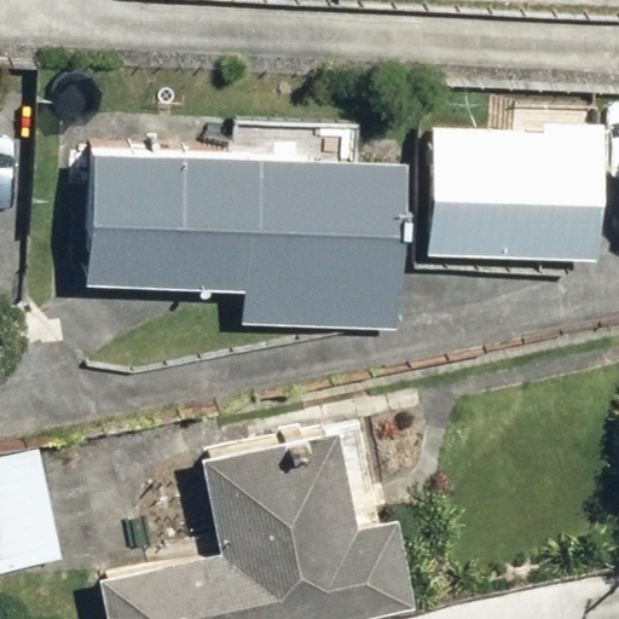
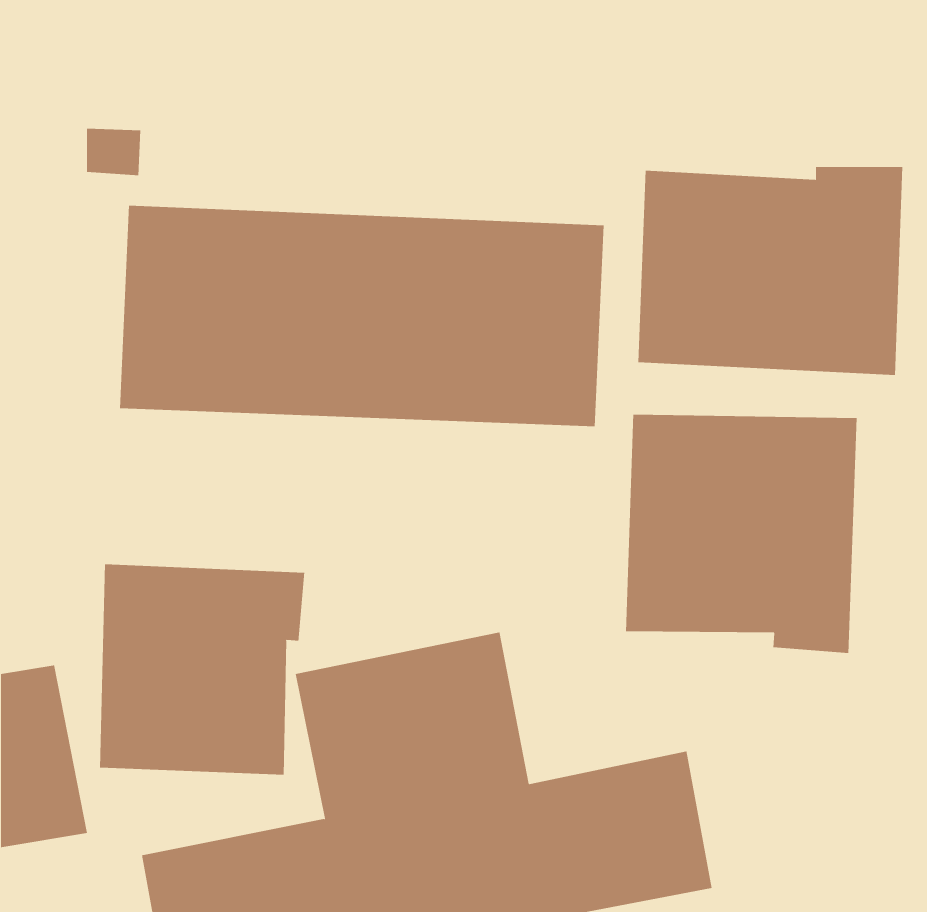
building: none -> [626,414,857,654]
building: none -> [100,564,305,776]

